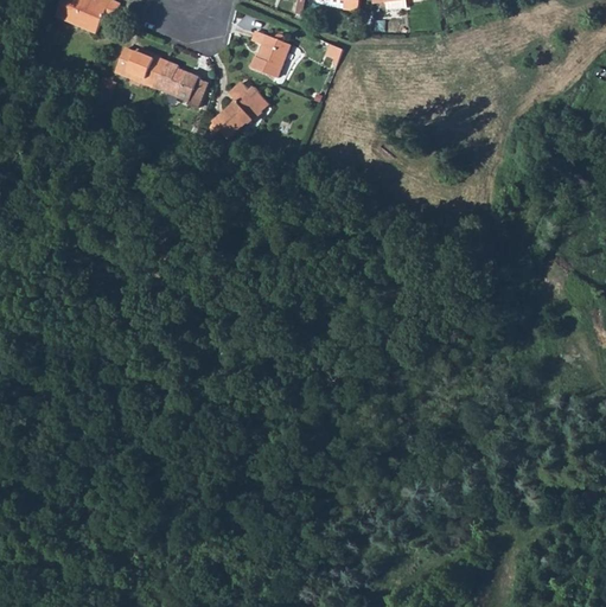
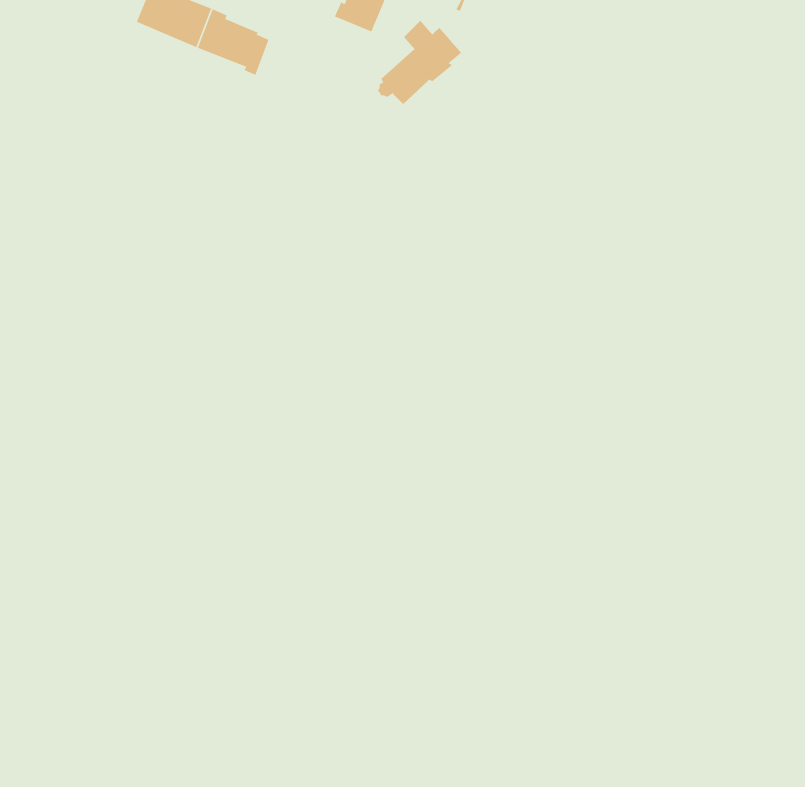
building: [210,81,268,139] -> [377,20,462,105]

